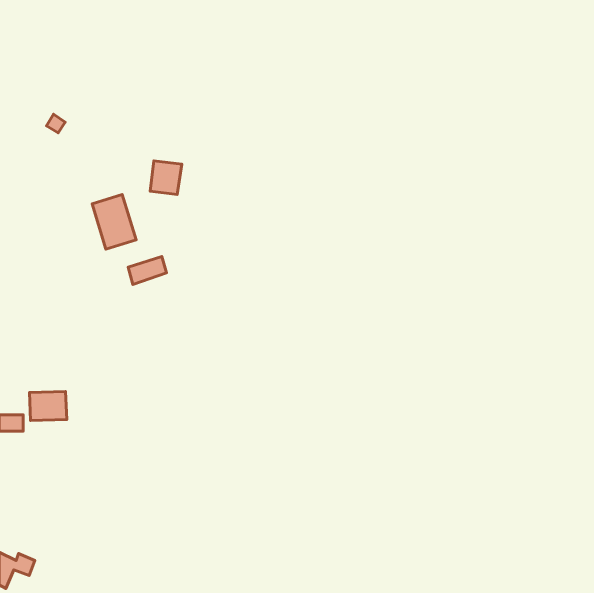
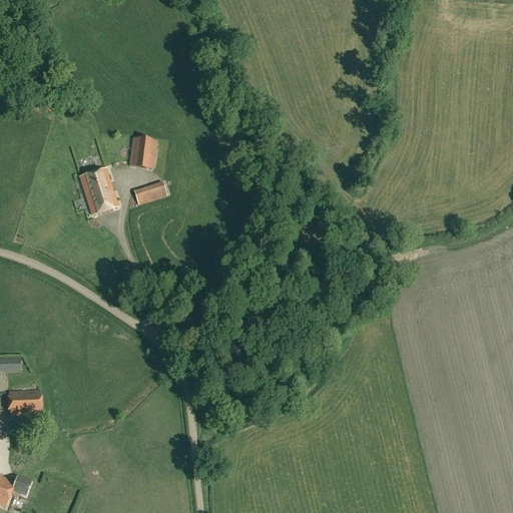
building: [128,257,167,285] -> [133,180,166,204]
building: [29,391,67,421] -> [8,390,40,415]

